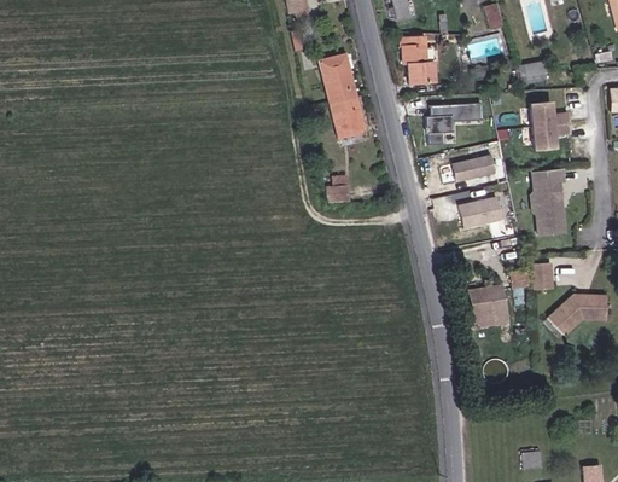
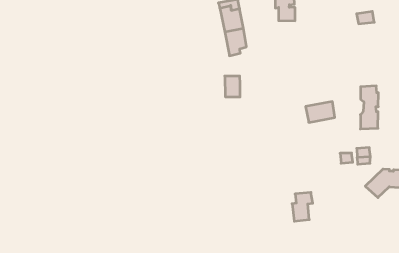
building: [534,101,572,150] -> none
building: [421,103,476,144] -> none
building: [447,152,490,181] -> none
building: [472,281,502,325] -> [292,192,313,221]

